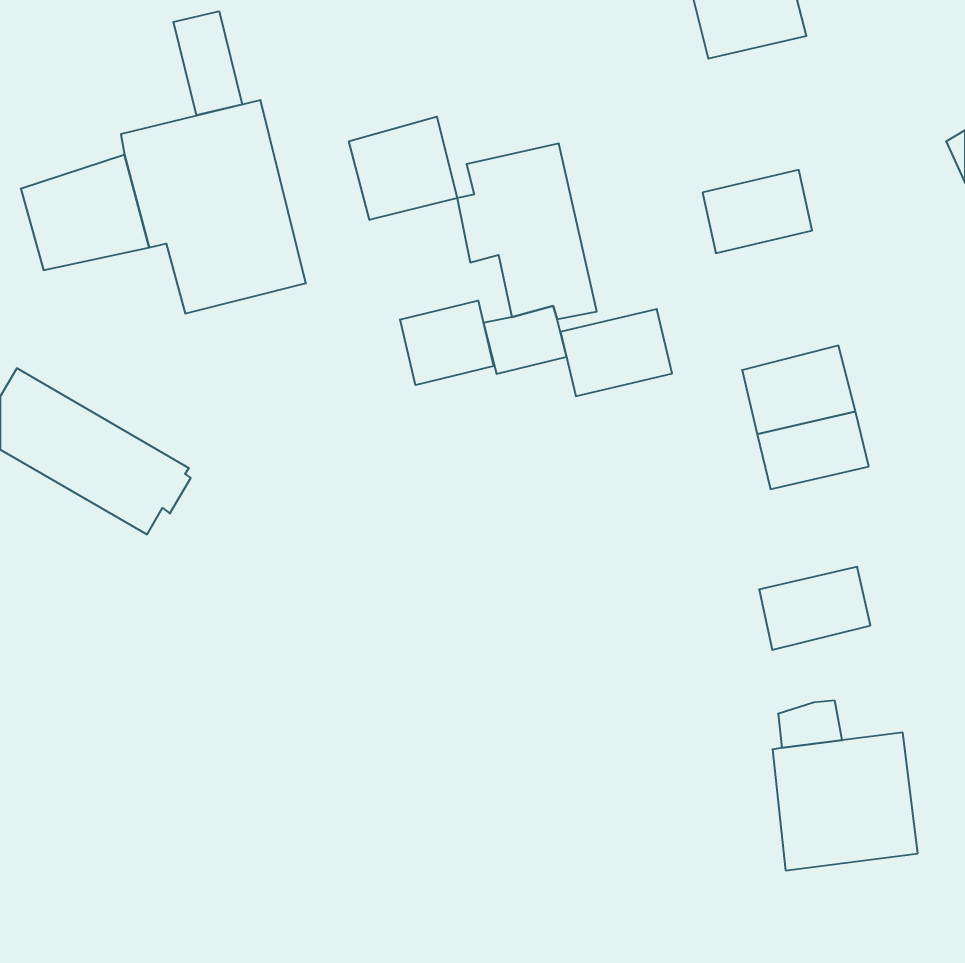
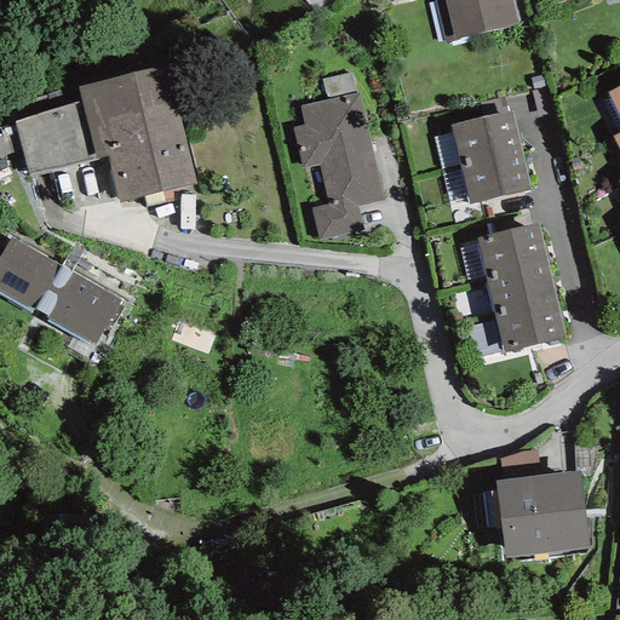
building: [173,11,242,115] -> none
building: [349,117,457,220] -> none
building: [400,300,494,385] -> none
building: [561,309,672,396] -> [459,148,530,203]
building: [759,567,870,650] -> [494,299,566,352]

